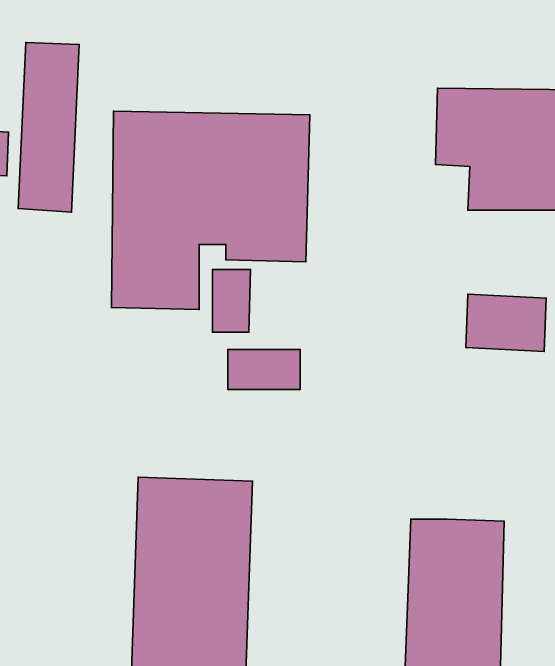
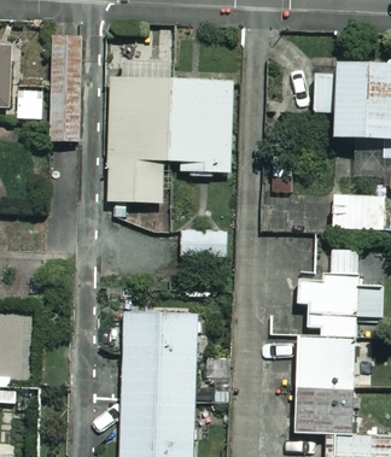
building: none -> [298,248,383,336]

